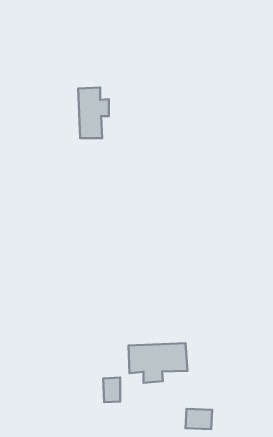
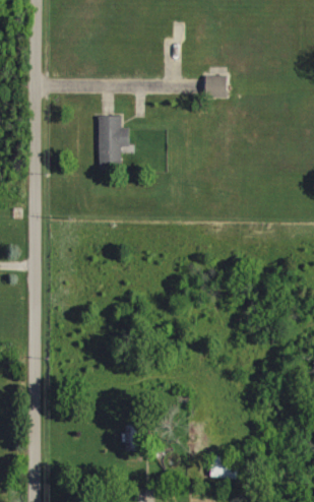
building: none -> [204,75,227,98]
building: [128,343,187,383] -> none

